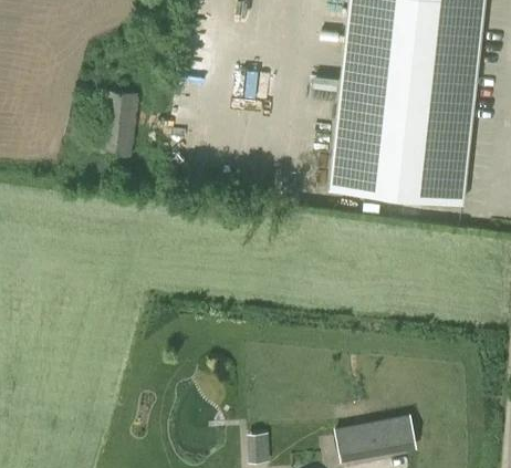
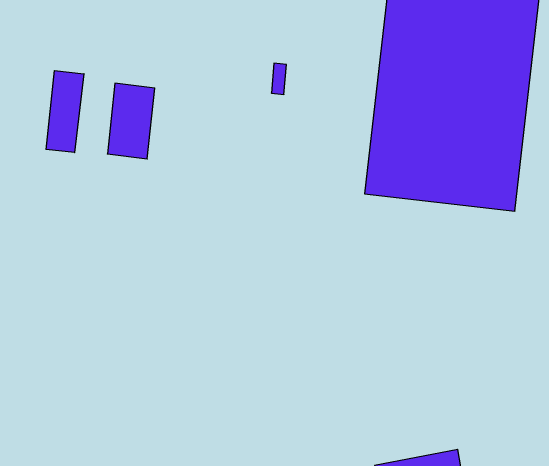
building: none -> [46,71,84,153]

